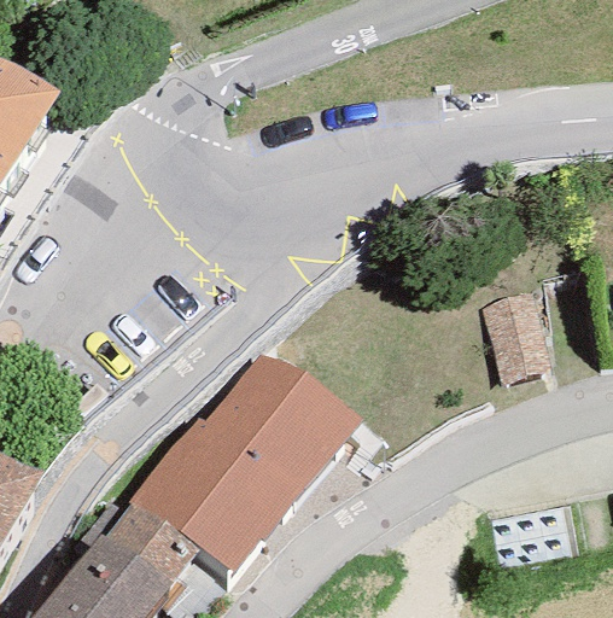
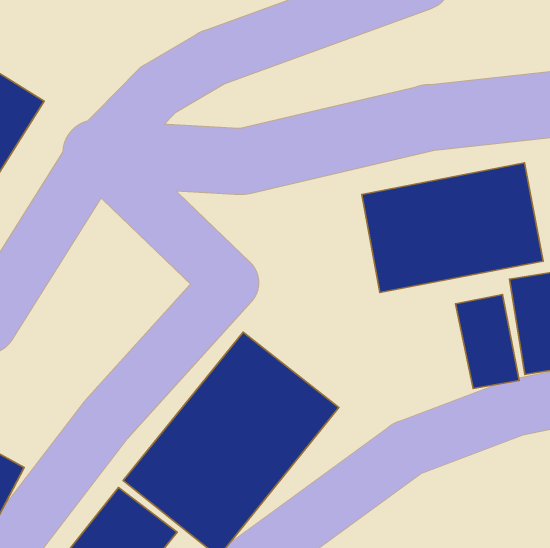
building: none -> [362,163,543,292]

